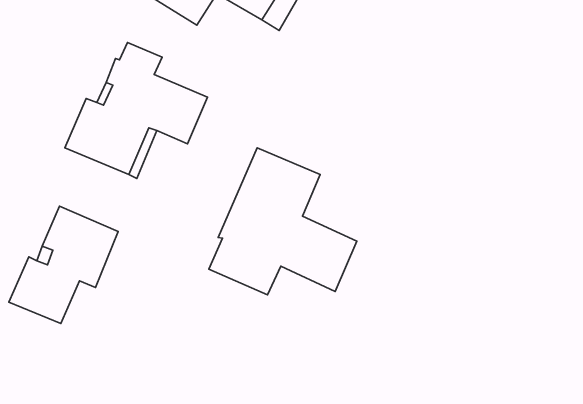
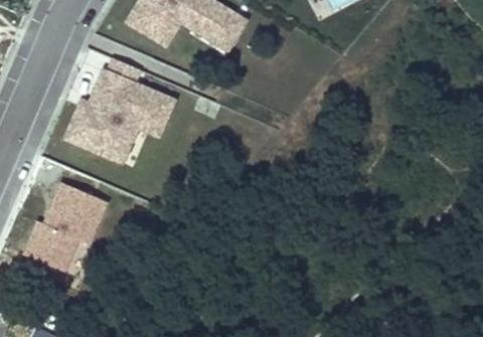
building: [209,148,357,295] -> none

